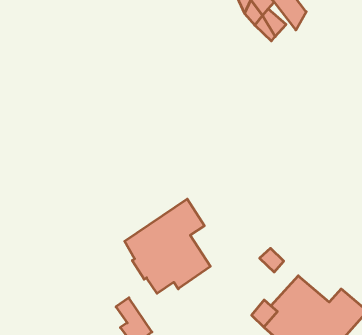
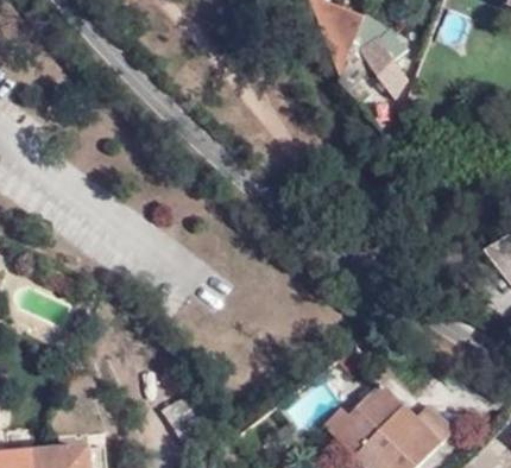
building: [125,199,210,293] -> none

